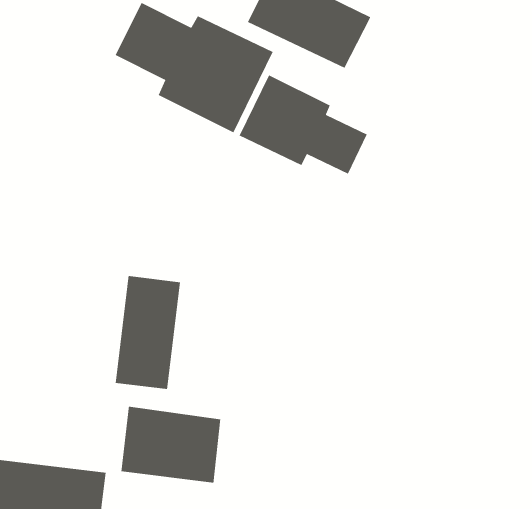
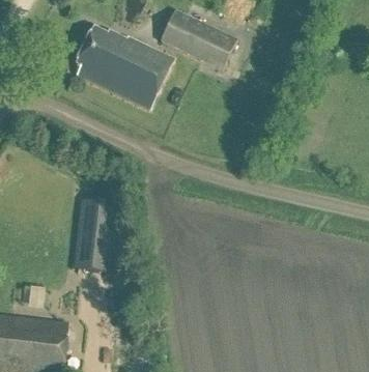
building: [239,74,367,175] -> none
building: [121,406,221,483] -> none

